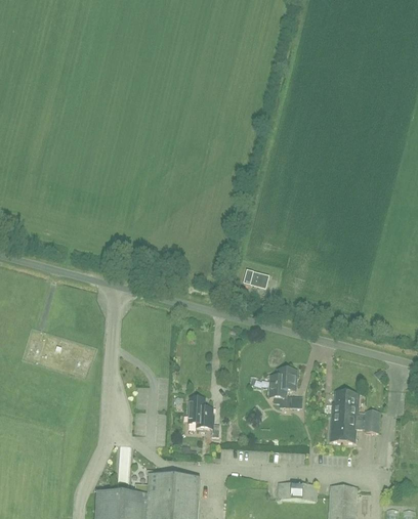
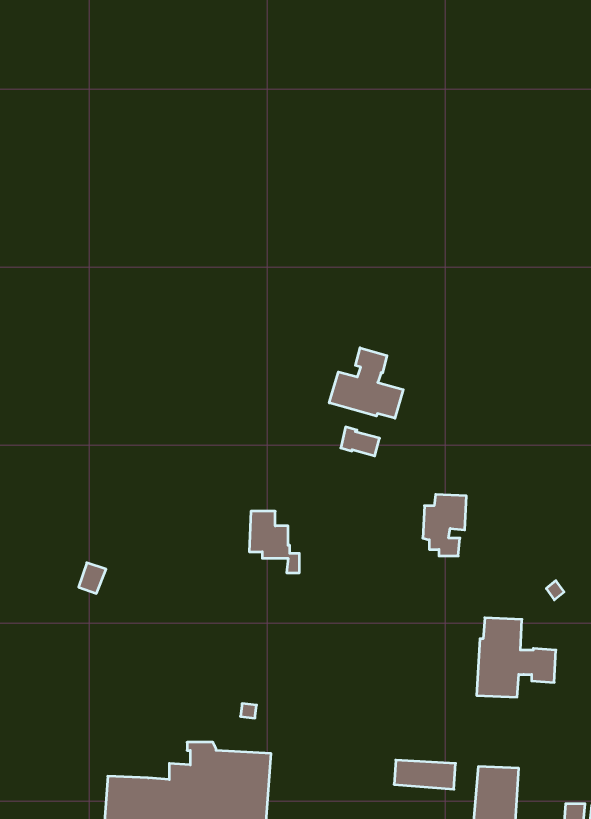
building: none -> [329,348,403,418]
building: [269,367,297,406] -> [423,494,466,556]
building: [187,397,219,436] -> [249,511,299,573]

